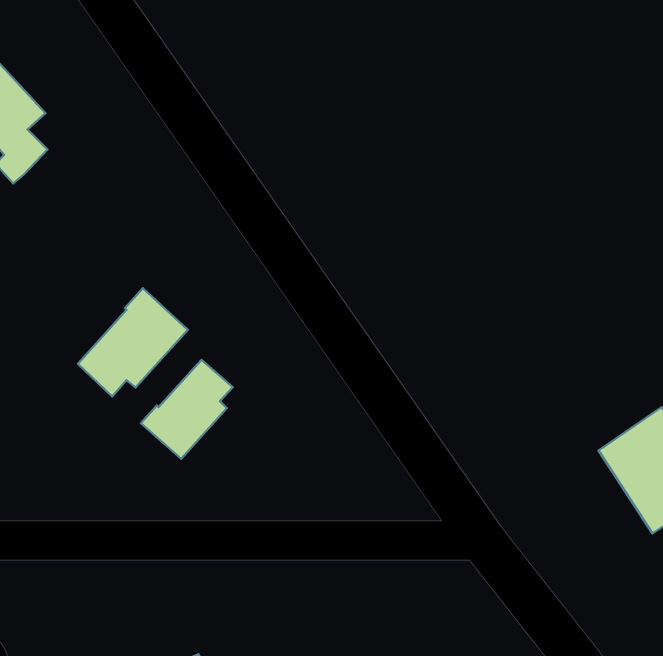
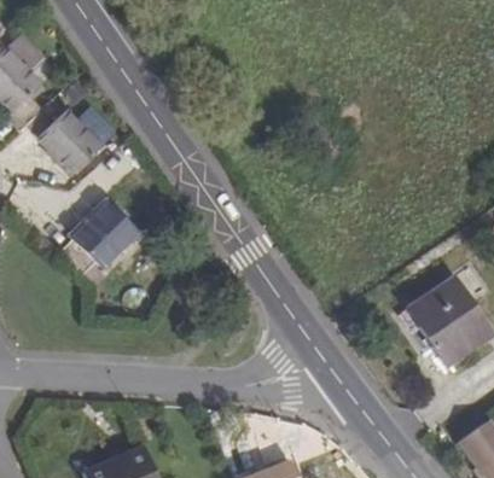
building: none -> [27,100,100,173]
building: [141,360,233,459] -> none

